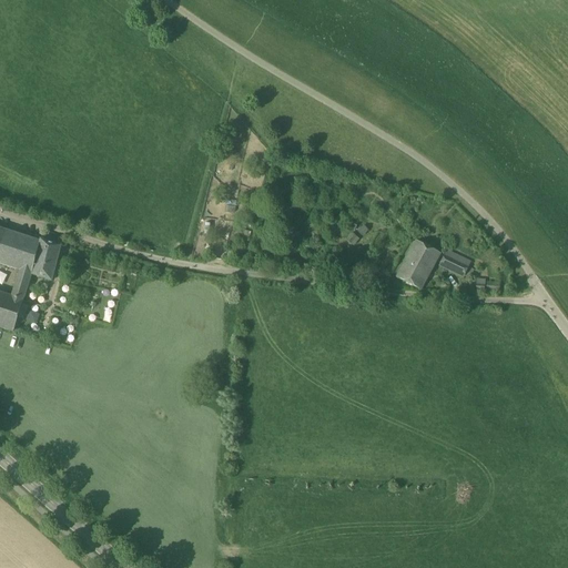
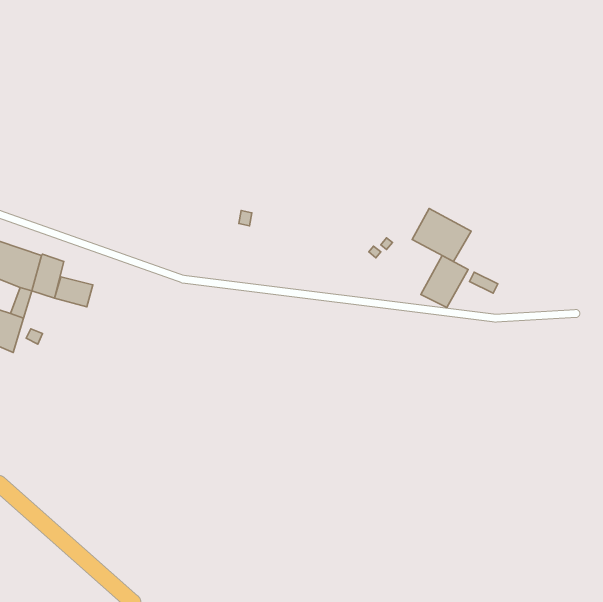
building: none -> [412,208,471,261]
building: none -> [54,277,93,307]

